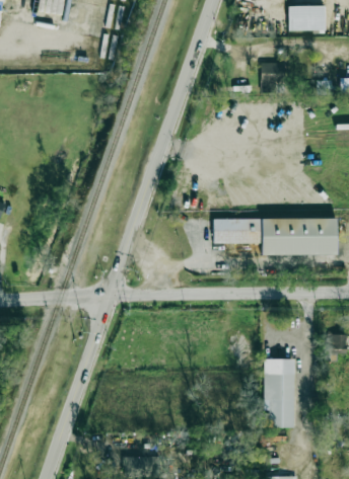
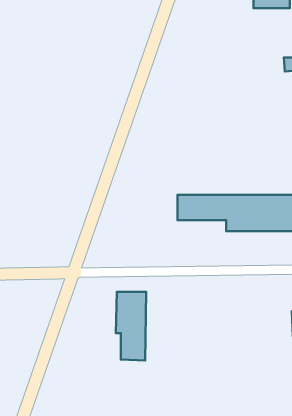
building: [261,62,286,92] -> none
building: [264,358,294,427] -> [116,292,146,361]

